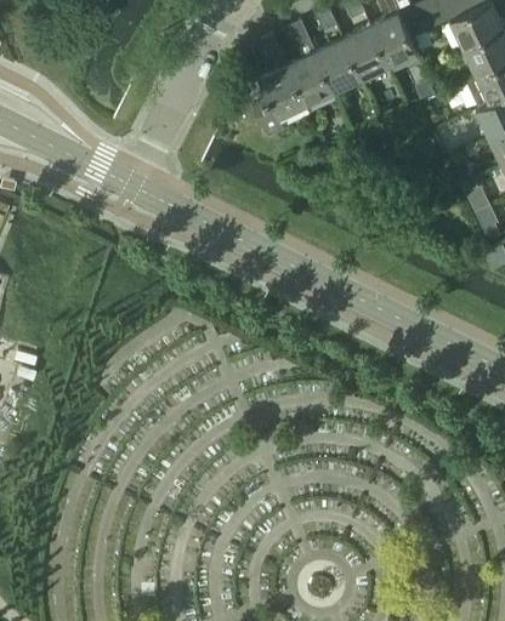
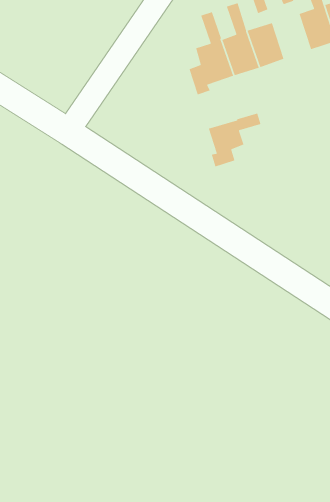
building: [341,25,387,79] -> none
building: none -> [208,113,262,167]

